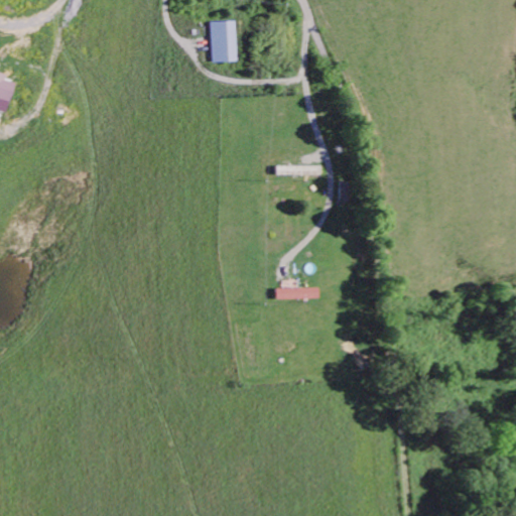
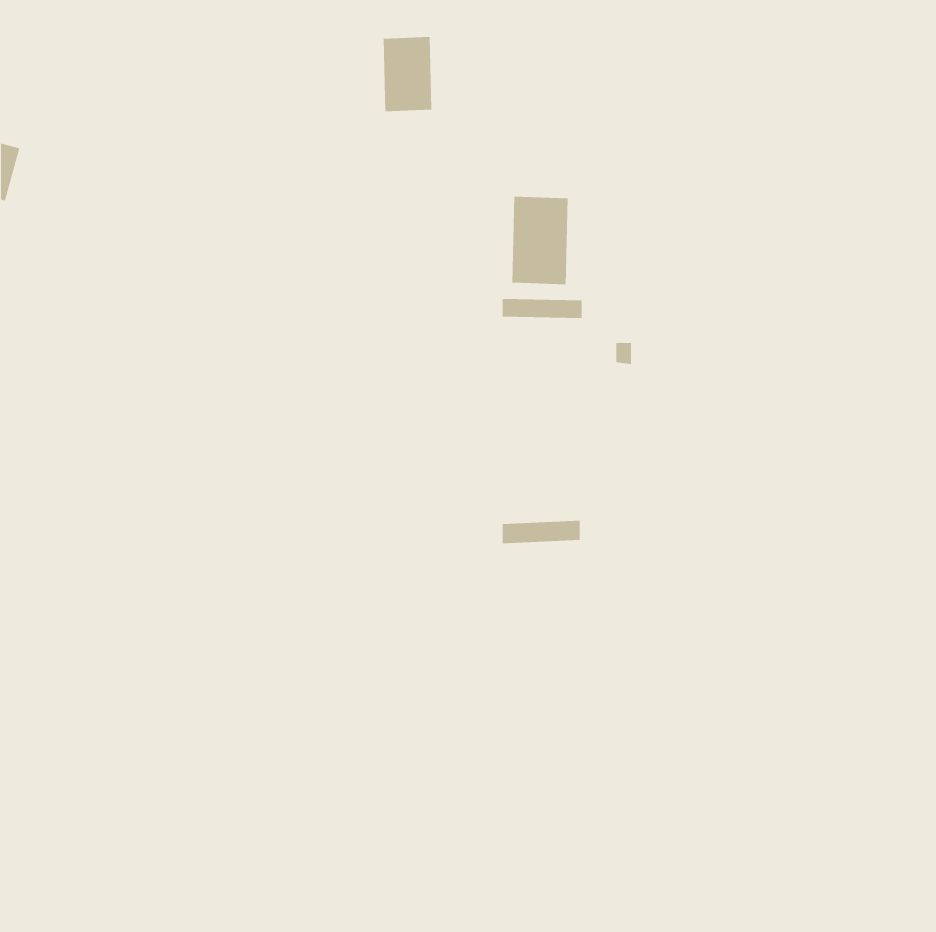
building: none -> [512,196,568,285]

